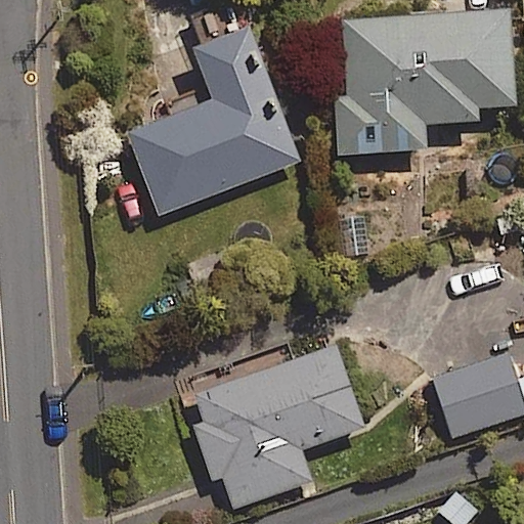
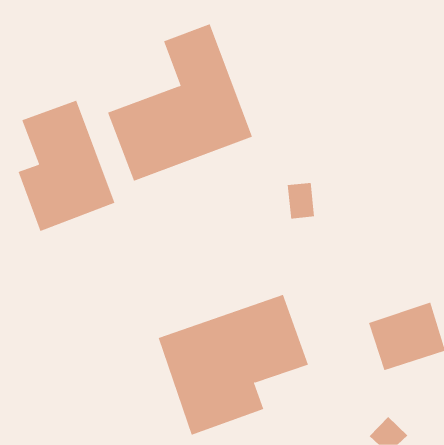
building: [334,10,514,154] -> none
building: none -> [18,100,115,232]

